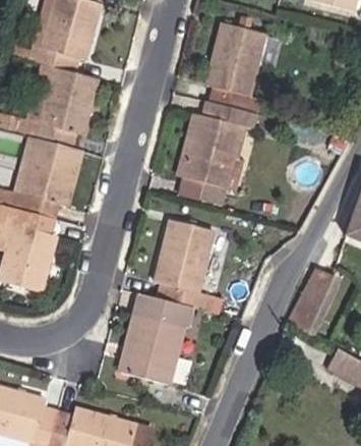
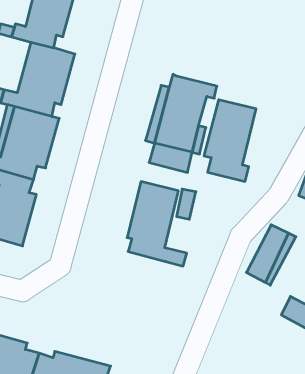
building: [206,22,264,113] -> [204,100,256,181]
building: [120,293,198,383] -> none

